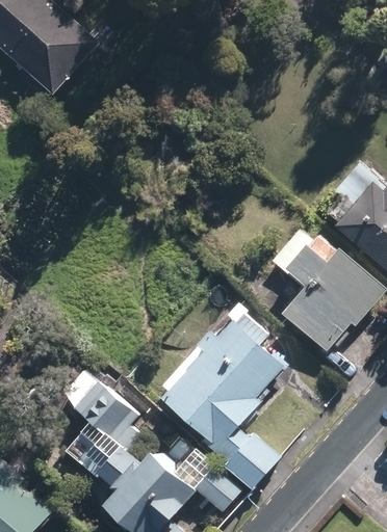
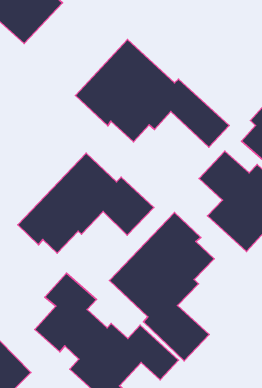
building: none -> [76,39,229,147]
building: none -> [18,153,154,253]

